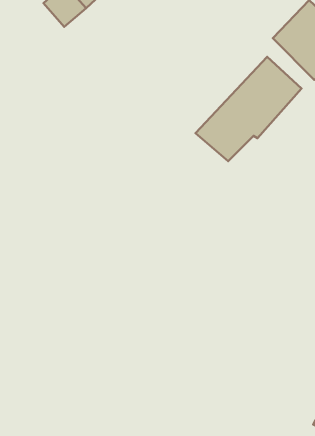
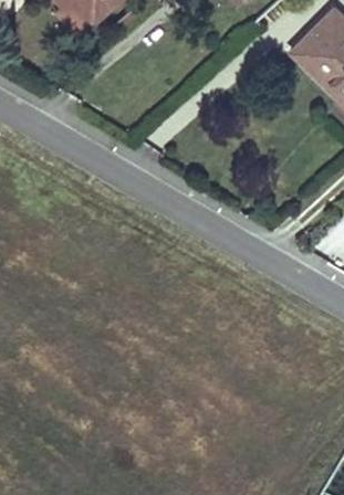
building: [196,57,302,161] -> none

